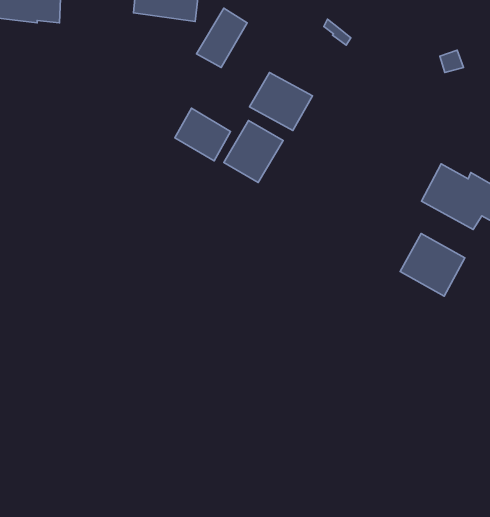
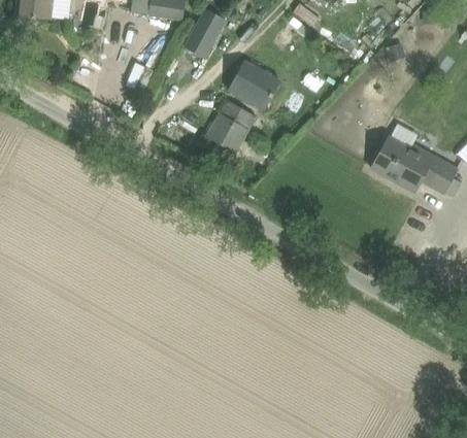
building: [175,108,231,161] -> none
building: [400,233,465,296] -> none

